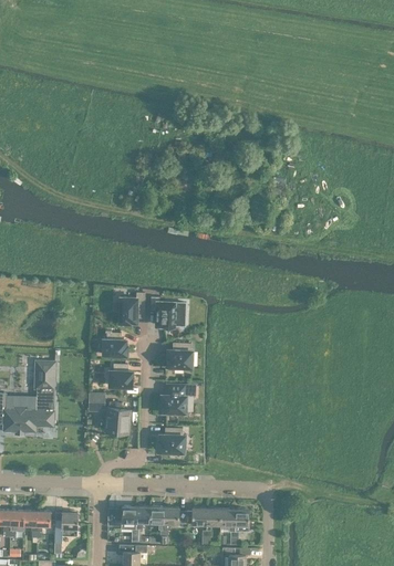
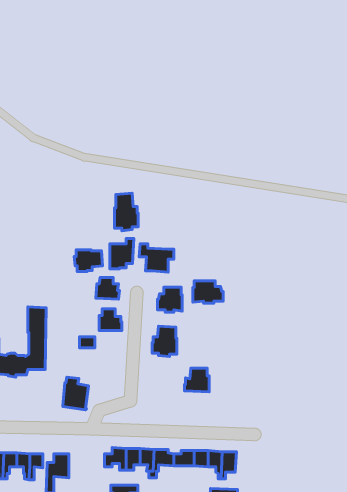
building: none -> [115,193,138,231]
building: none -> [74,250,102,272]
building: none -> [193,281,223,303]
building: [104,401,131,434] -> [63,377,89,410]
building: [157,428,183,452] -> [184,368,209,392]

